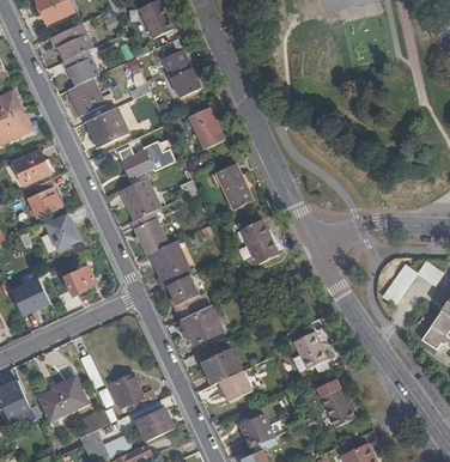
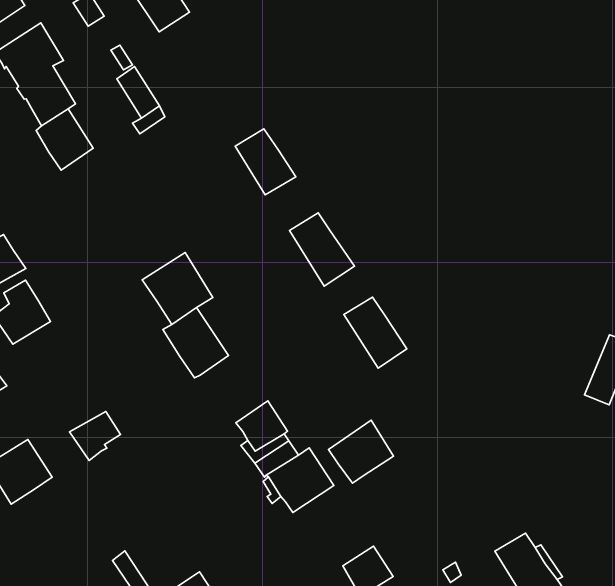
building: [162,48,200,97] -> none
building: [86,108,127,146] -> none
building: [117,144,174,178] -> none
building: [44,212,79,249] -> none
building: [148,239,190,286] -> none
building: [293,330,327,366] -> none
building: [201,348,241,385] -> [328,420,394,483]

